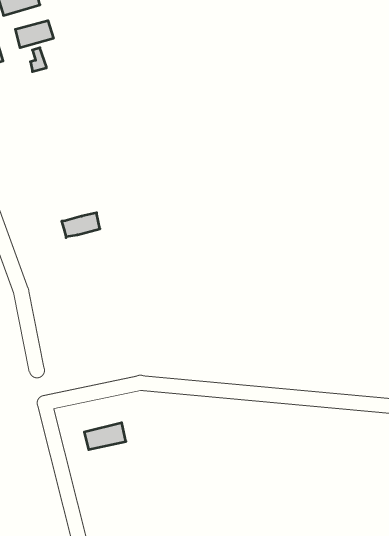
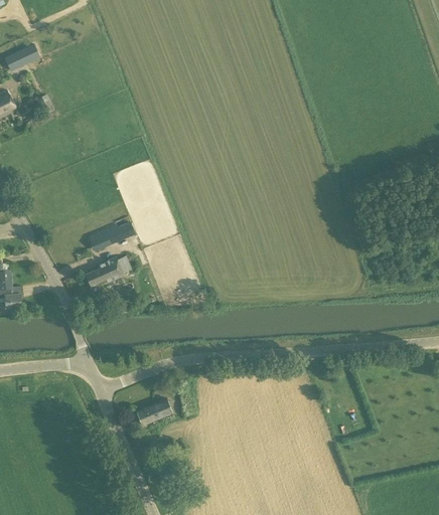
building: [15,21,53,48] -> none
building: none -> [86,255,131,286]

